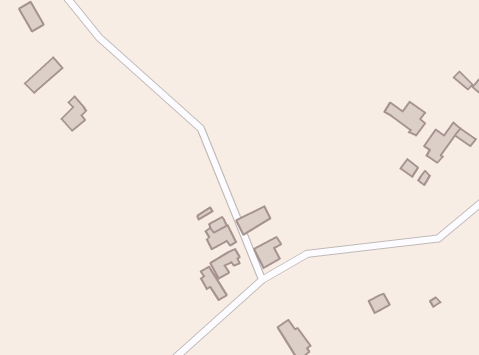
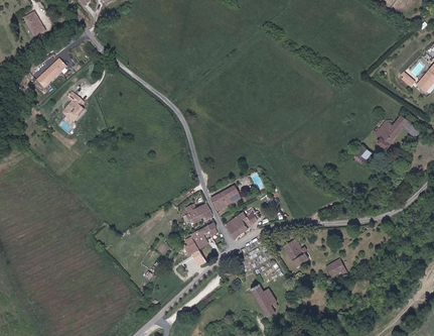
building: [384,102,425,136] -> none
building: none -> [284,238,310,266]

